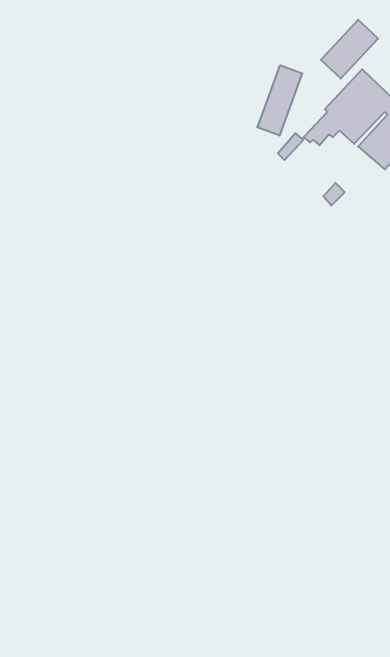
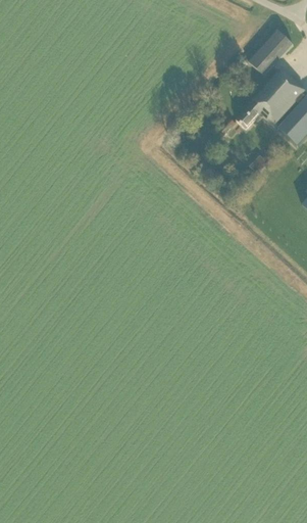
building: [257,65,302,136] -> none

